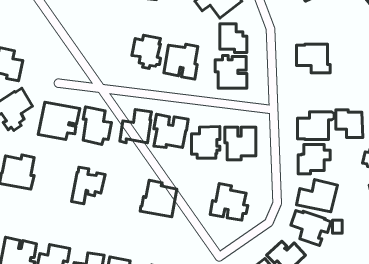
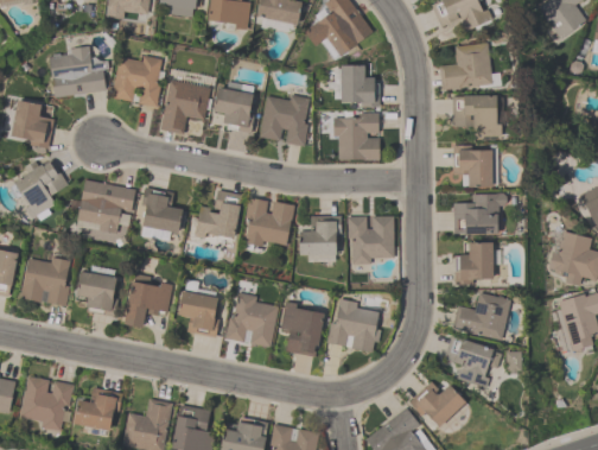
building: none -> [439,43,491,89]
building: none -> [49,46,108,97]
building: none -> [112,56,163,107]
building: none -> [160,80,210,133]
building: [336,110,363,137] -> [453,146,492,186]
building: none -> [76,271,117,315]
building: none -> [178,279,220,337]
building: none -> [280,300,325,356]

